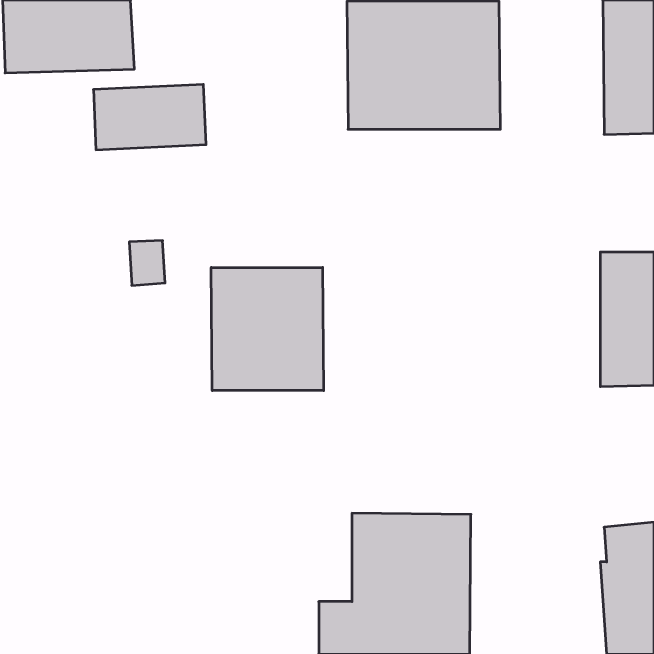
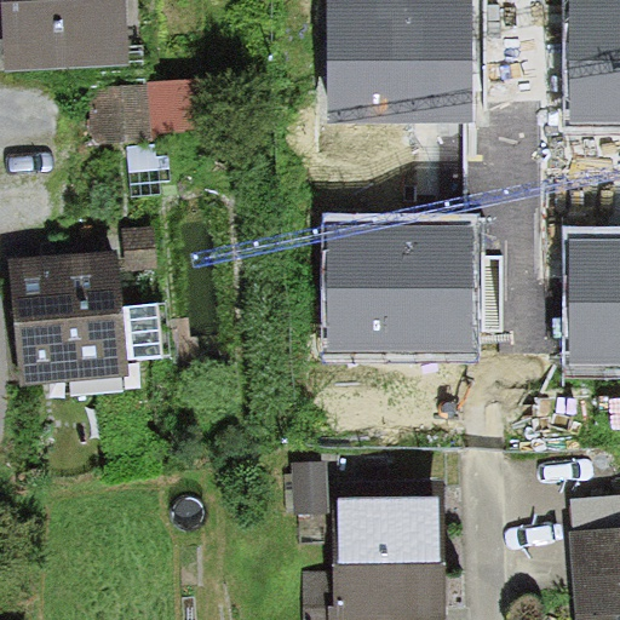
building: none -> [327,224,471,346]
building: none -> [11,251,127,386]
building: [211,267,324,391] -> none

